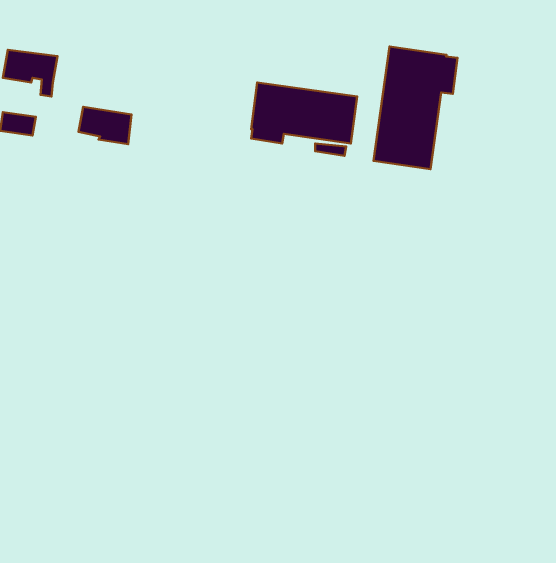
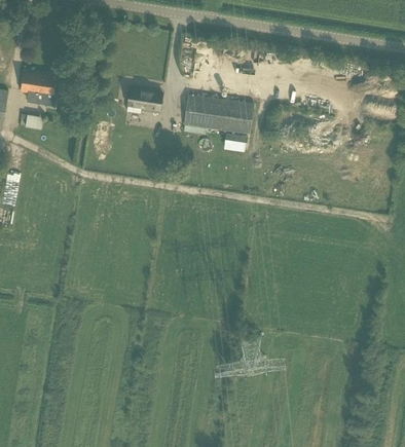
building: [373,46,458,169] -> none
building: [78,107,131,144] -> [125,87,160,112]

